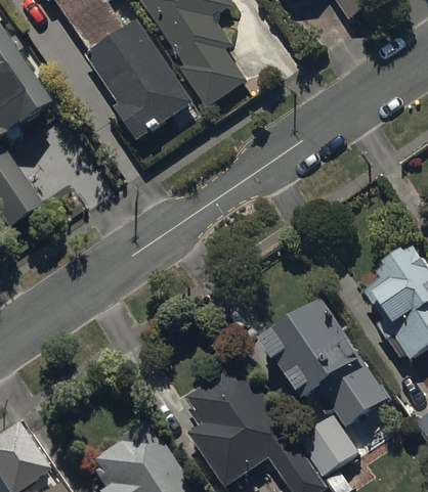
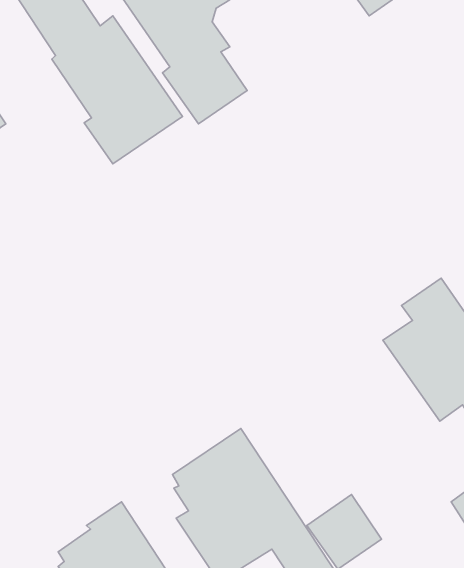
building: [255,290,387,421] -> none

